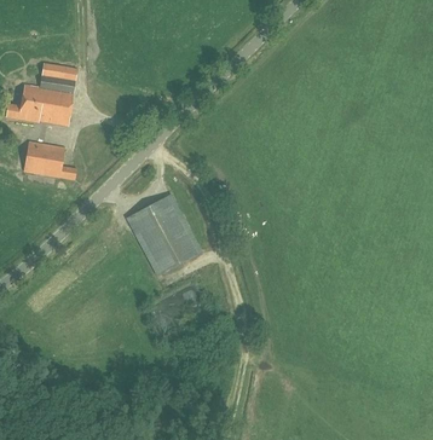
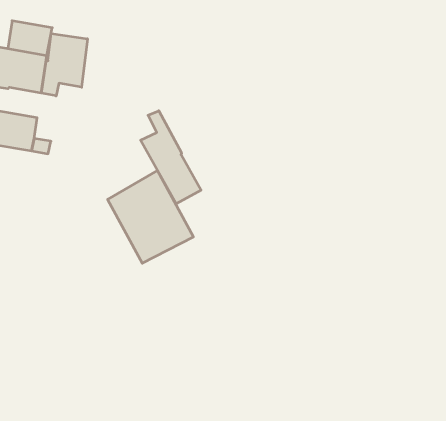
building: none -> [42,33,87,96]
building: none -> [141,111,201,204]

